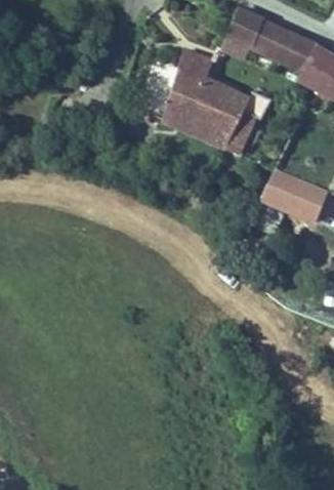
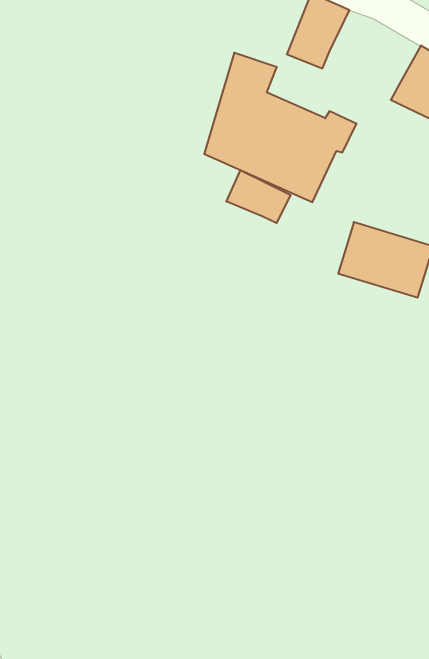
building: [253,17,319,73] -> none
building: none -> [226,170,291,223]

